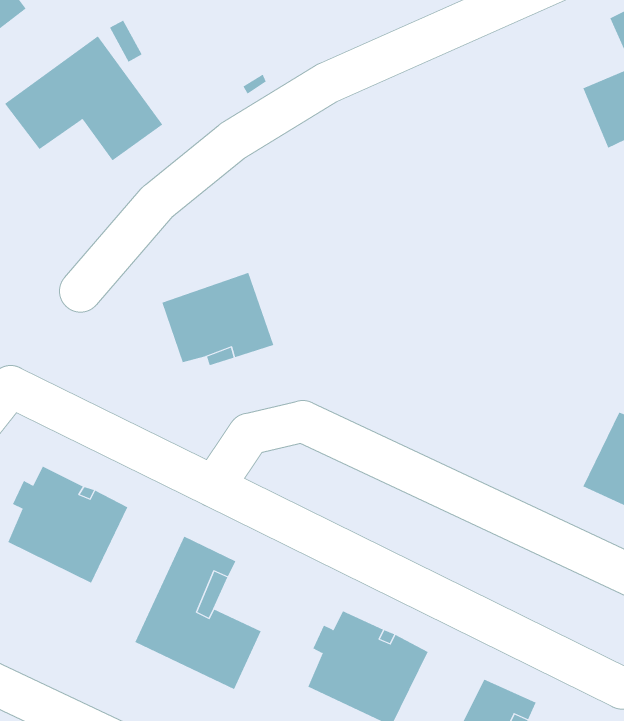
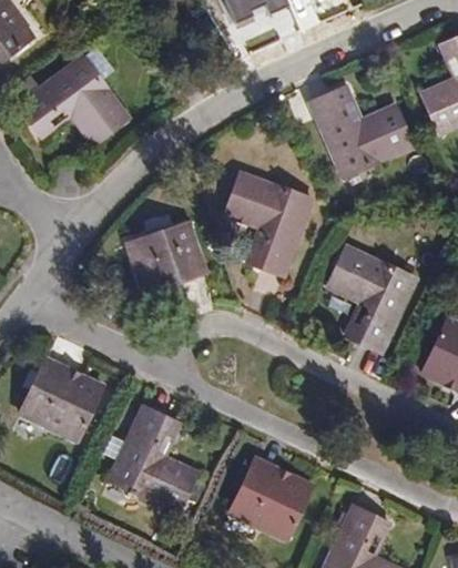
building: none -> [308,85,414,178]
building: none -> [225,171,313,273]
building: none -> [328,244,417,351]

